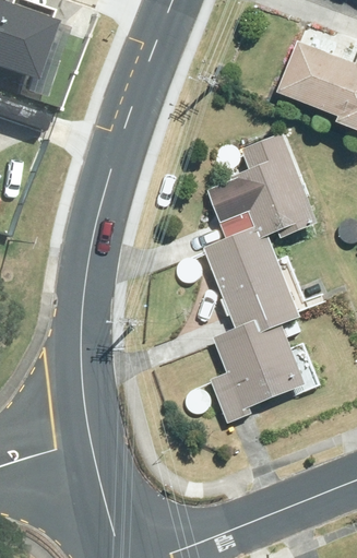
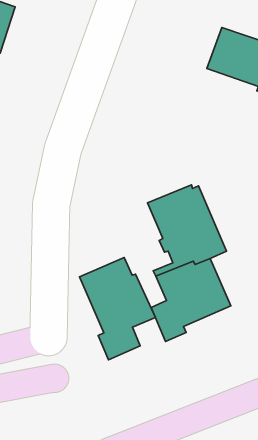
building: [205,132,320,254] -> none
building: none -> [80,258,155,360]

